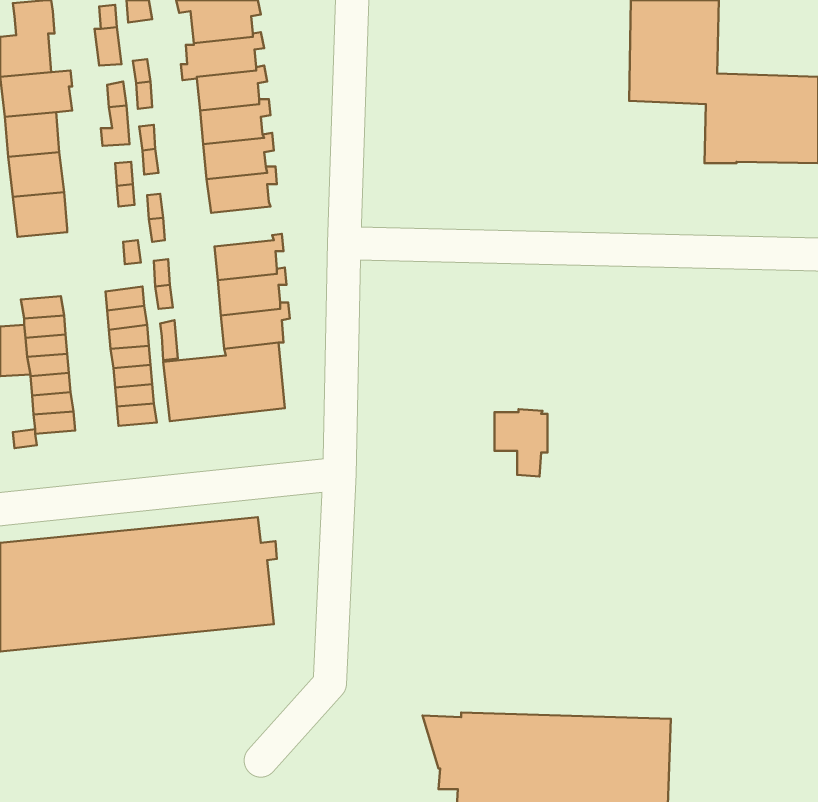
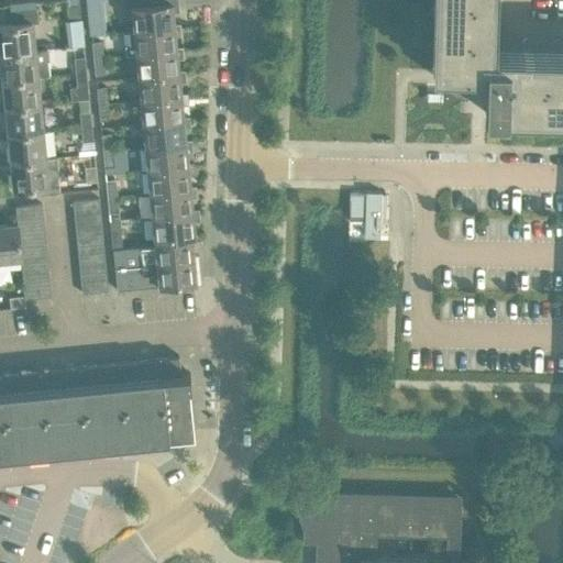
building: none -> [145,148,192,180]
building: none -> [12,167,59,207]
building: [495,409,547,476] -> [347,200,384,246]

